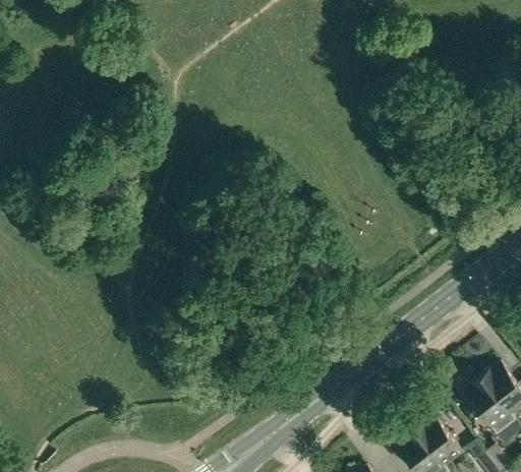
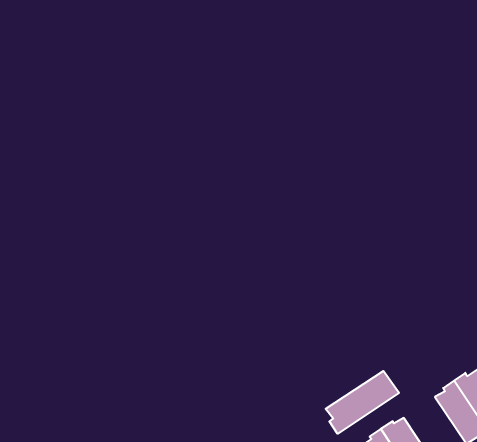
building: none -> [326,371,399,434]

